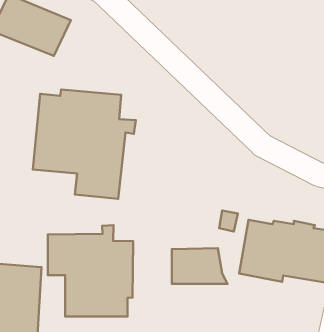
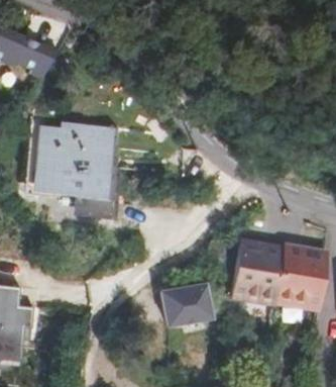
building: [48,225,133,317] -> none

